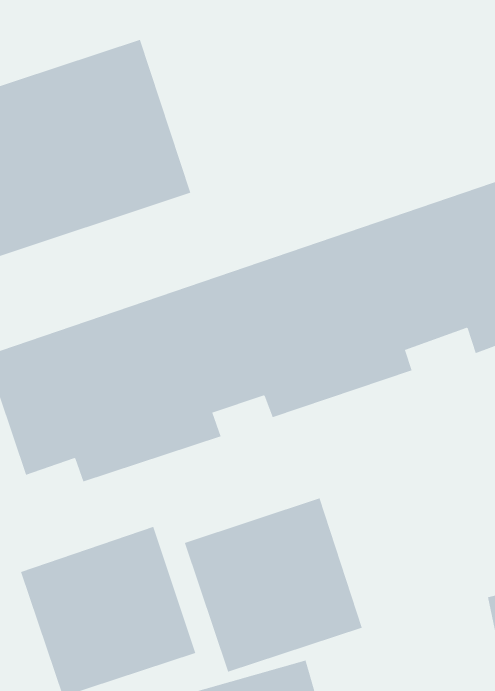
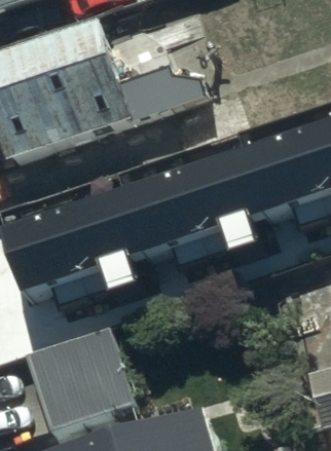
building: [184,497,362,672] -> none

